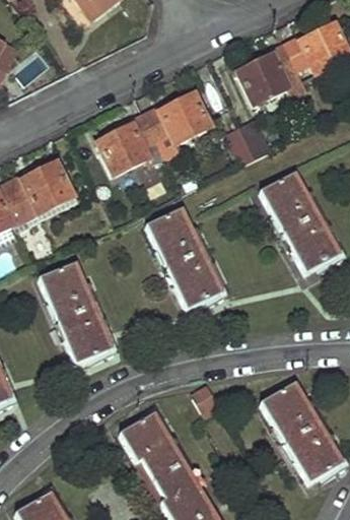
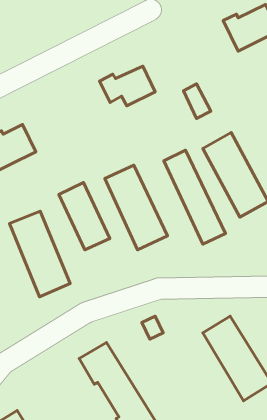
building: [239,43,307,103] -> none
building: [100,113,167,173] -> none
building: none -> [164,150,225,244]
building: none -> [59,183,110,250]

